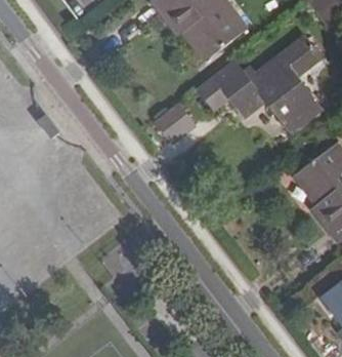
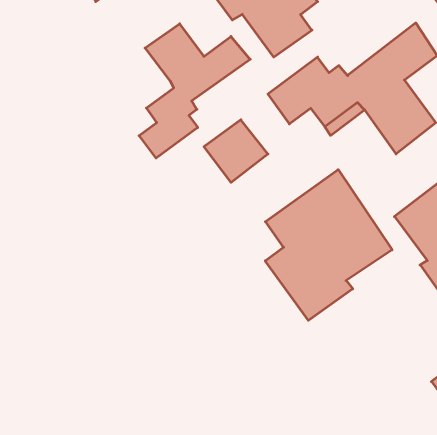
building: none -> [139,24,250,158]
building: none -> [265,170,392,320]

